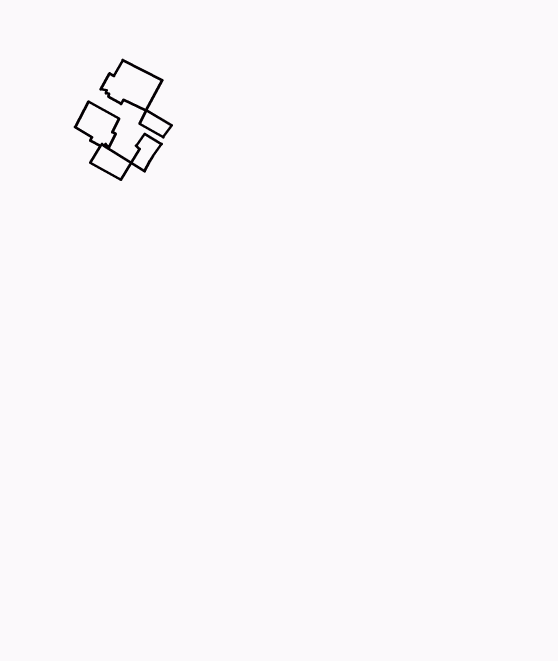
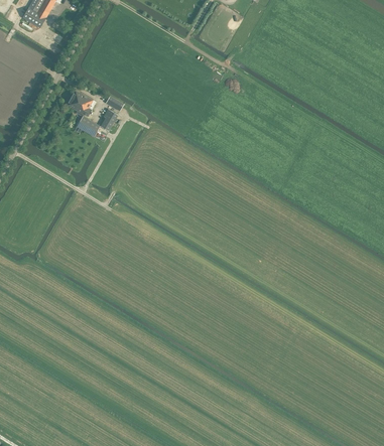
building: [101,60,162,111] -> none

